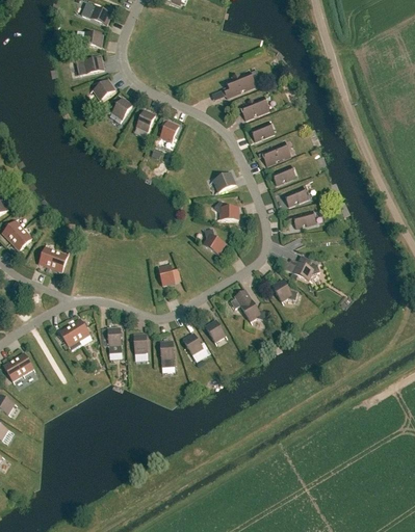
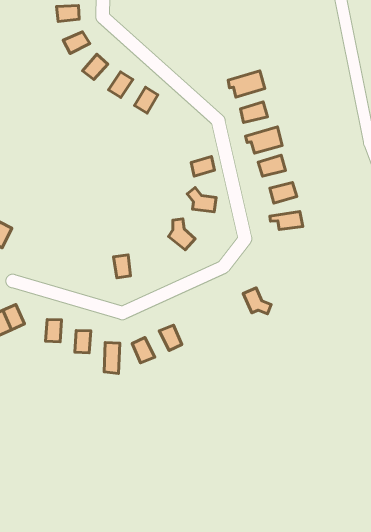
building: [224,69,256,97] -> none
building: [283,258,319,280] -> none
building: [235,289,266,320] -> none

